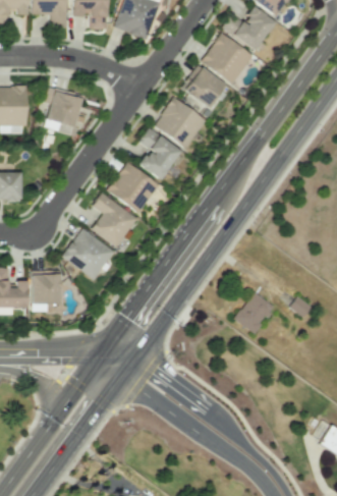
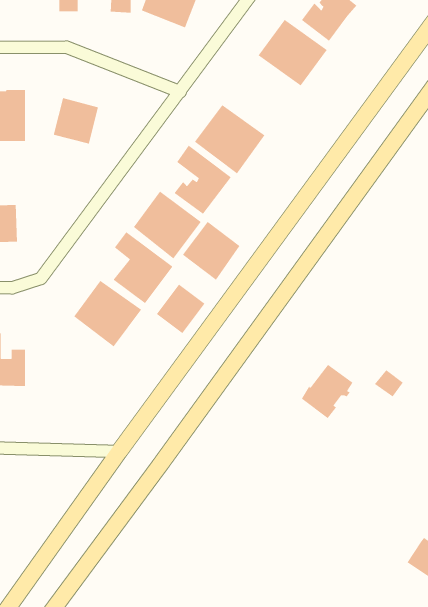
building: [185,67,226,108] -> none
building: none -> [182,221,240,281]
building: none -> [156,284,205,334]
building: [32,271,61,306] -> none

